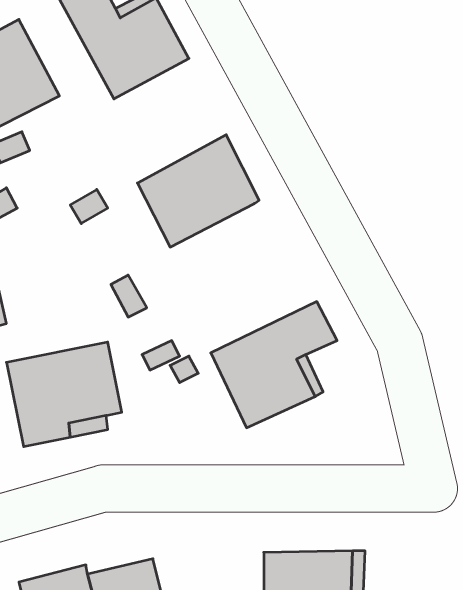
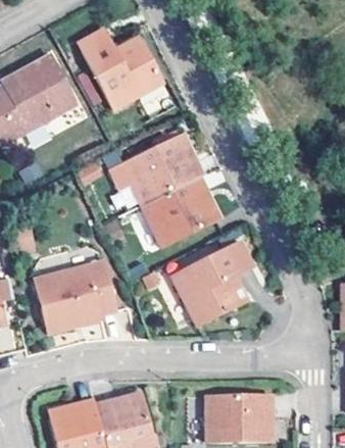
building: none -> [142,173,220,241]

